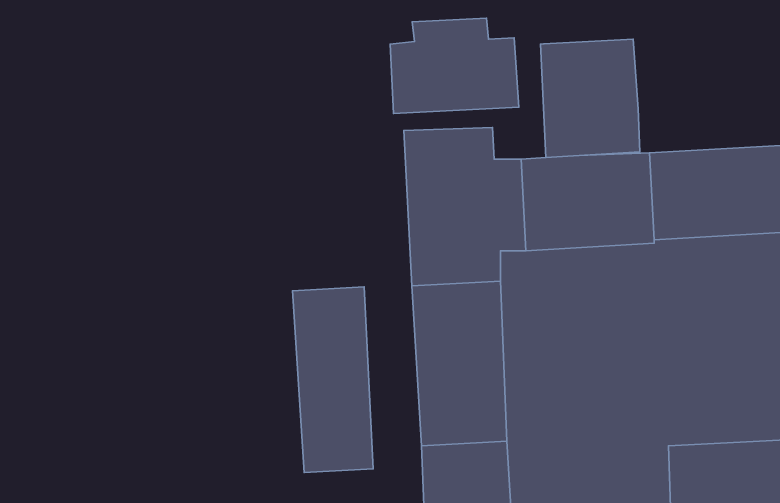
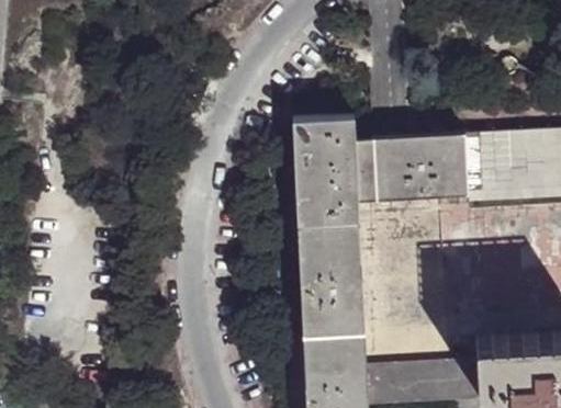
building: [390,18,519,114] -> none
building: [540,39,640,157] -> none
building: [293,287,373,472] -> none

